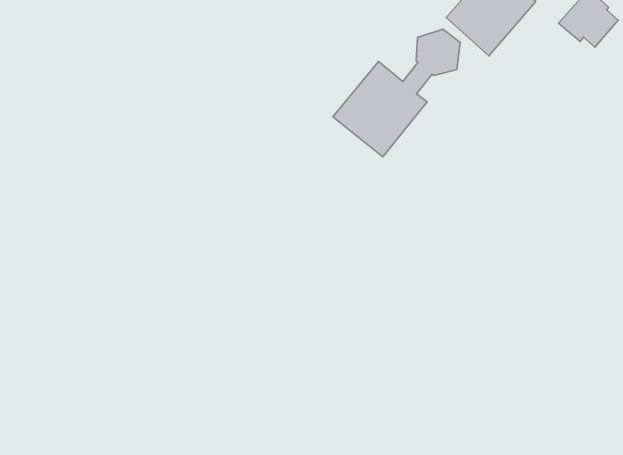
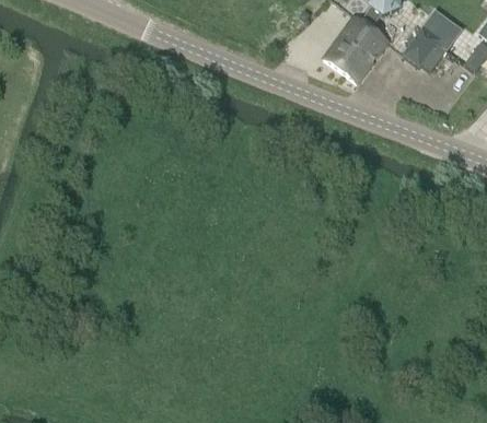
building: [333,29,460,157] -> none

